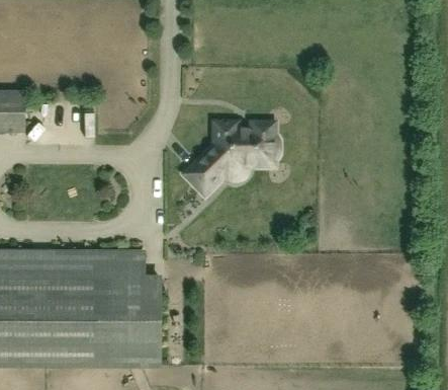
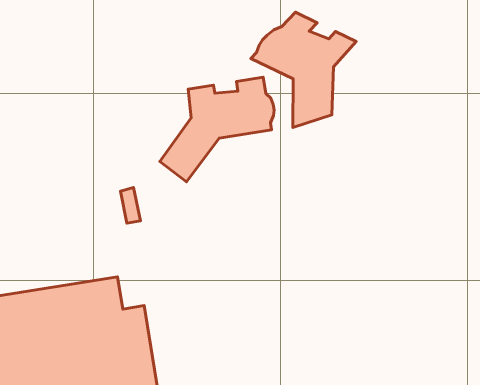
building: none -> [251,12,356,127]

